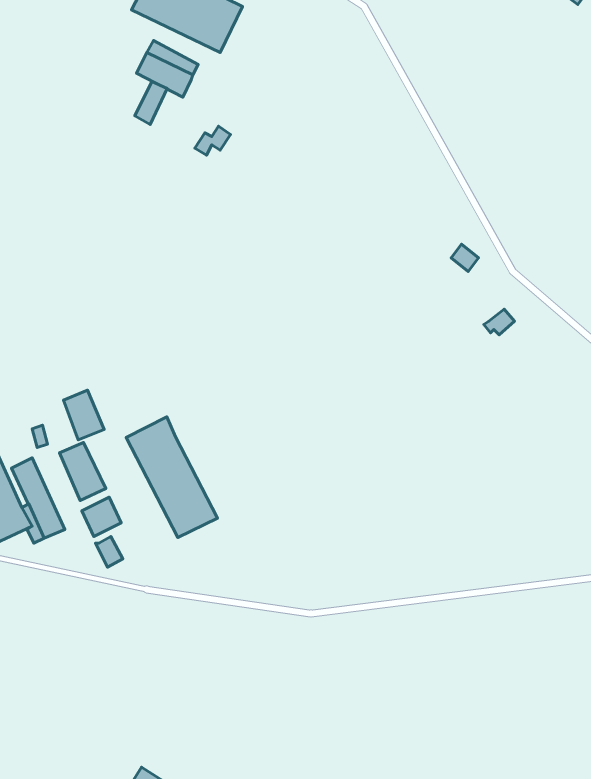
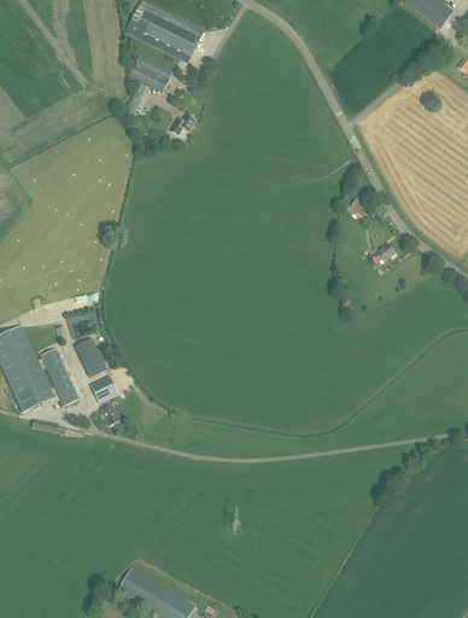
building: [64,390,104,440] -> none
building: [126,417,217,538] -> none

